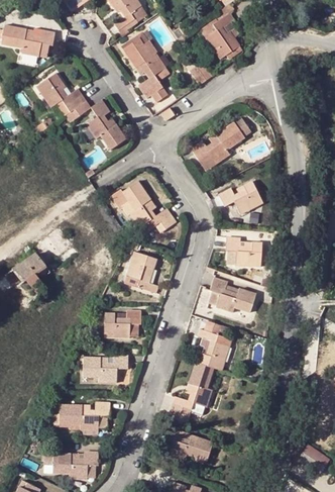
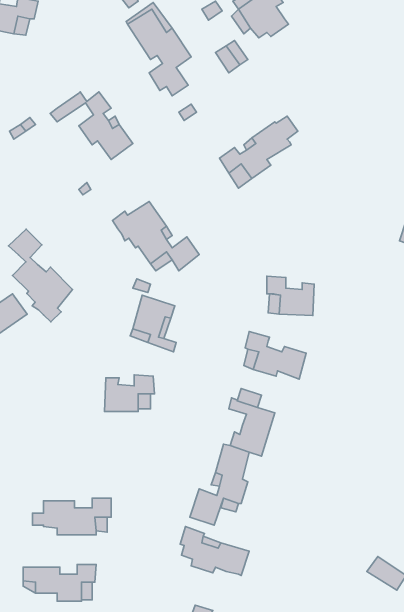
building: [36,73,86,111] -> none
building: [218,181,262,213] -> none
building: none -> [9,229,72,322]
building: [83,355,129,382] -> none

